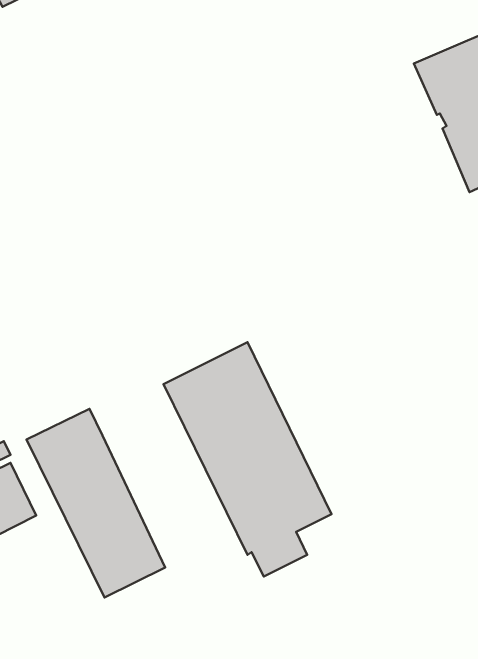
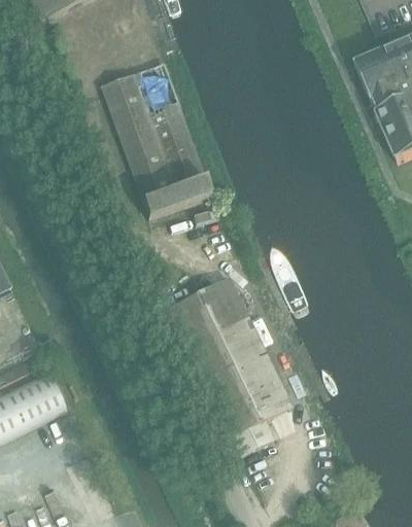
building: none -> [100,72,210,216]
building: [27,409,165,598] -> none

